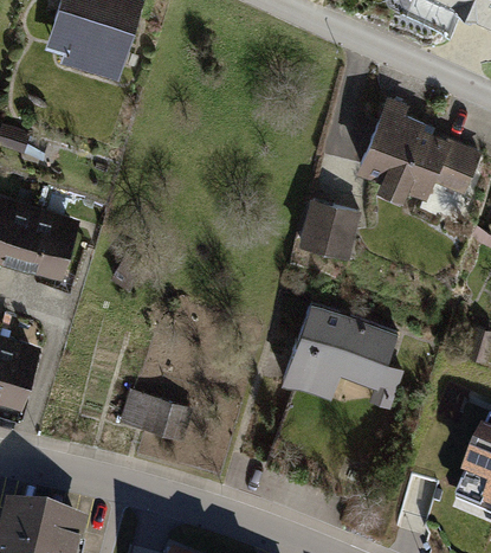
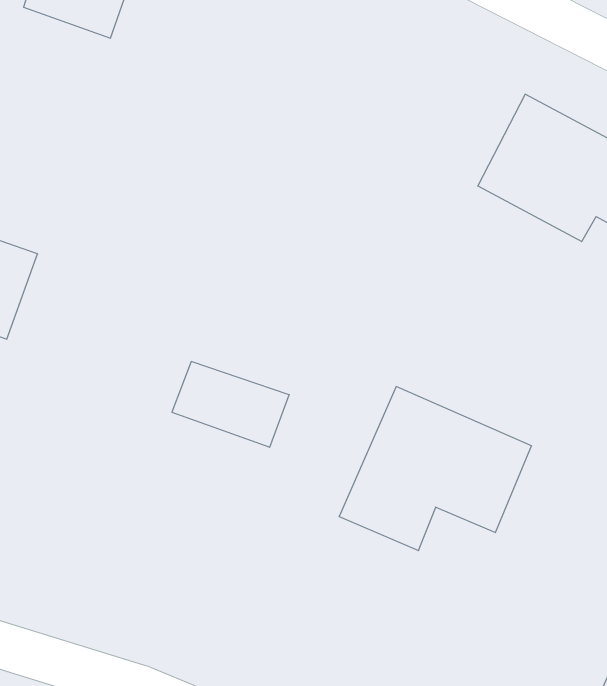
building: [298,199,363,259] -> none
building: [116,392,190,444] -> [172,362,289,447]

